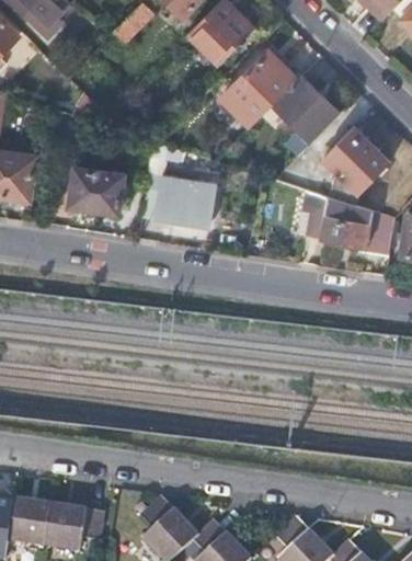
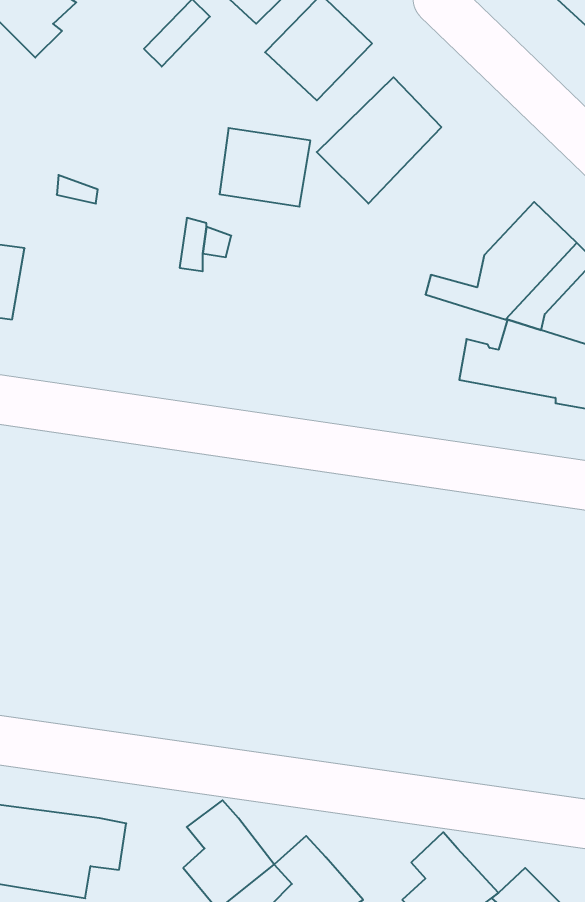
building: [271,77,340,144] -> none
building: [69,167,125,214] -> none
building: [158,176,214,225] -> [219,128,310,207]

